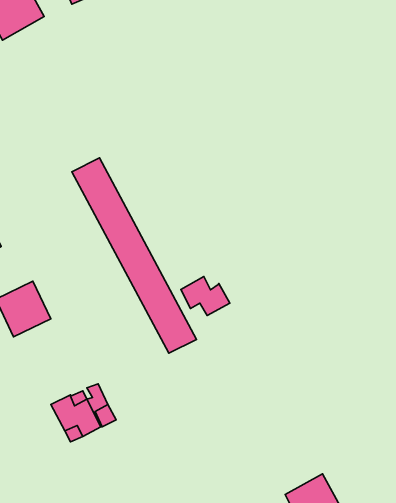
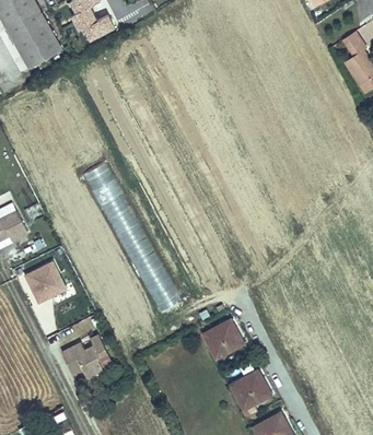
building: [181,276,230,315] -> none
building: none -> [201,318,246,362]
building: none -> [228,368,273,419]

